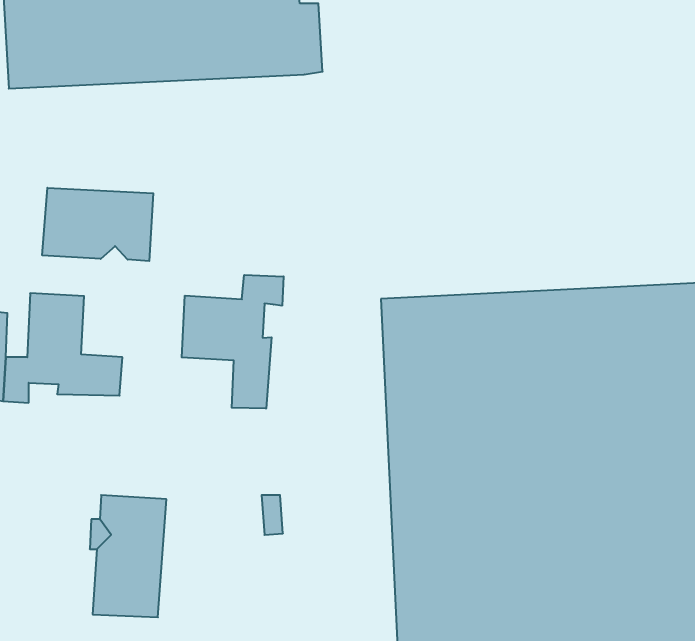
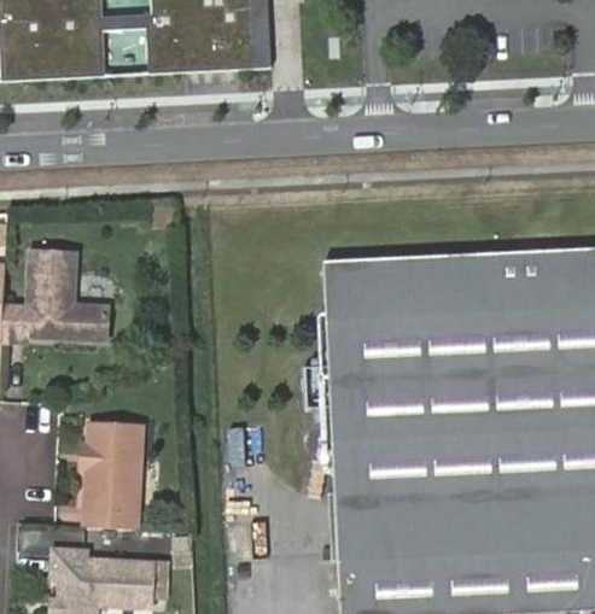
building: [42,188,153,261] -> none
building: [182,275,284,409] -> none

